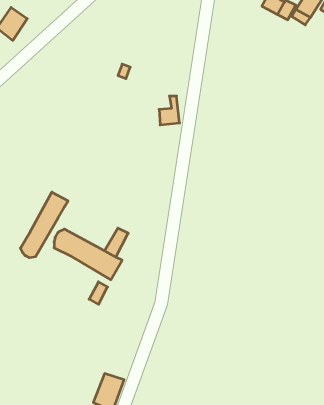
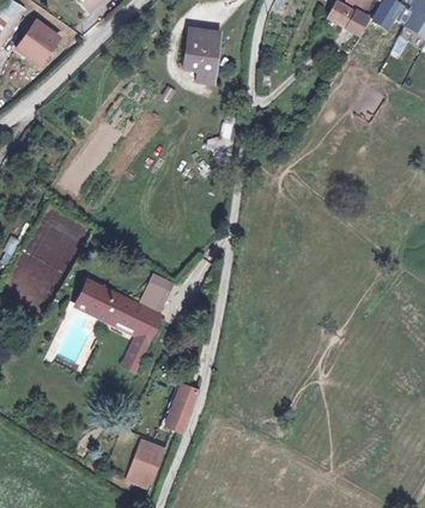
building: none -> [184,31,218,84]
building: [20,192,68,258] -> none
building: none -> [169,386,200,430]

